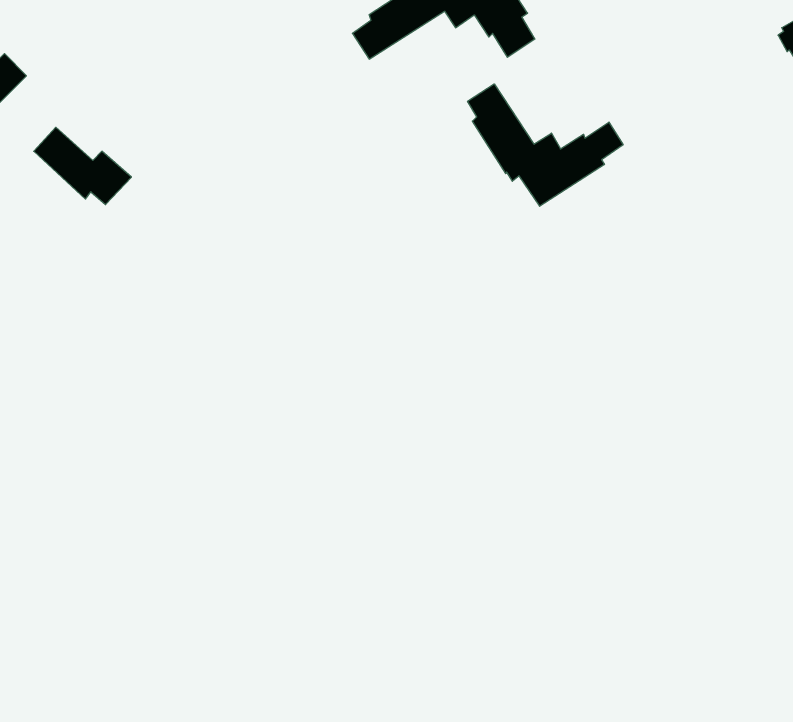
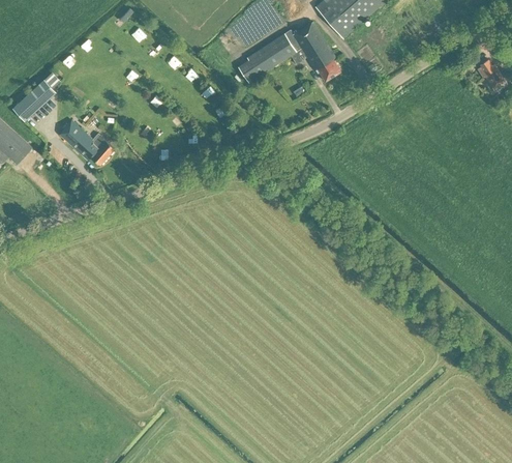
building: [468,84,623,206] -> none

